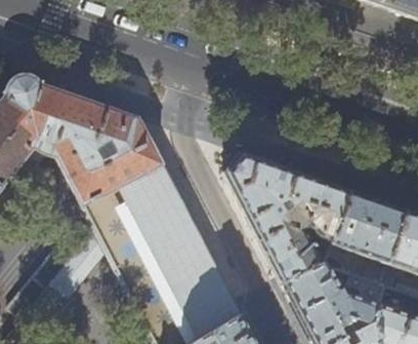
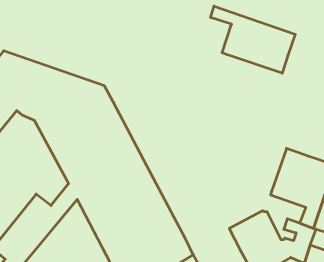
building: none -> [211,6,295,73]
building: [226,154,351,284] -> none

